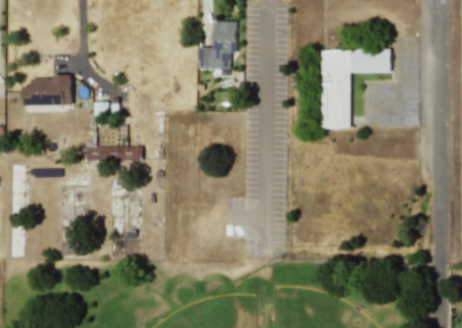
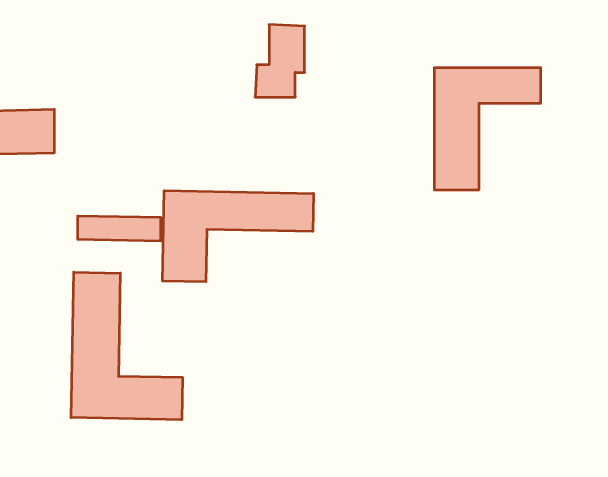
building: none -> [163,191,313,282]
building: none -> [71,272,182,420]

